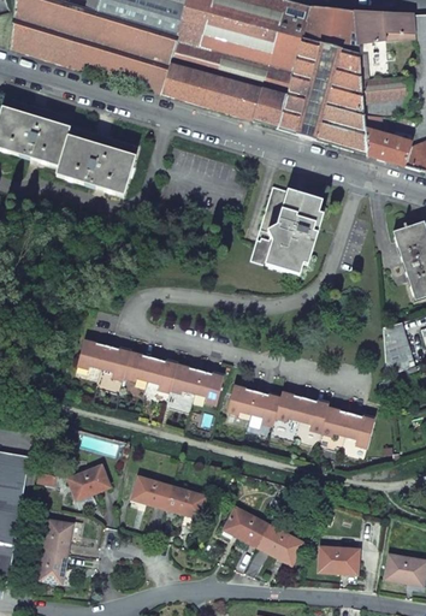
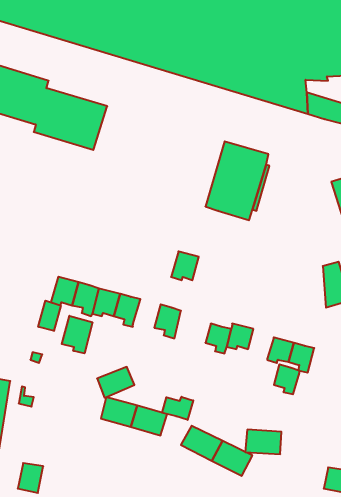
building: [168,363,200,396] -> [171,251,199,280]
building: none -> [38,301,61,331]
building: none -> [62,316,92,353]
building: [226,385,256,413] -> none
building: [298,397,327,431] -> [274,364,299,394]
building: [67,464,110,499] -> [97,367,134,398]
building: none -> [162,397,193,420]
building: [45,519,72,552] -> none
building: [318,545,359,573] -> [245,430,281,454]

